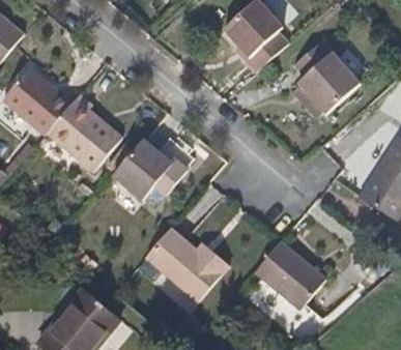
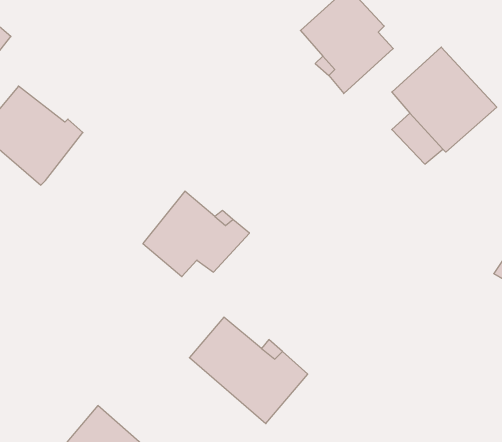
building: [48,94,121,172] -> none
building: [255,242,325,309] -> none

